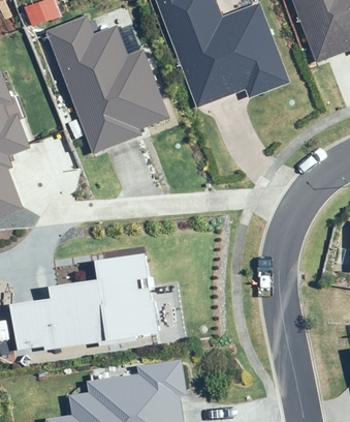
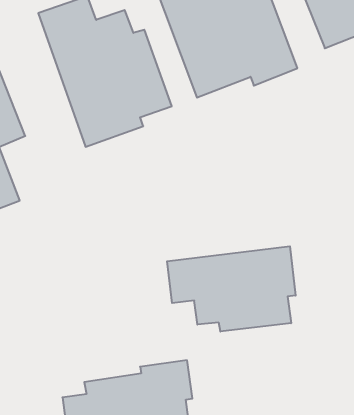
building: none -> [167,246,296,332]
building: [13,253,158,353] -> none

